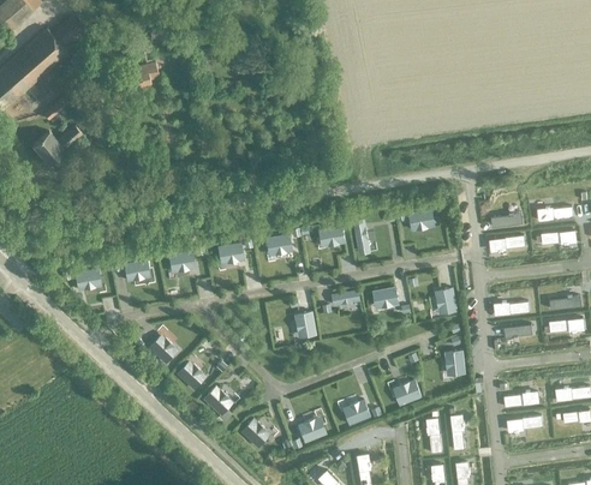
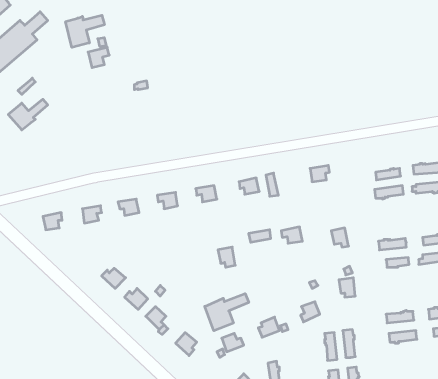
building: none -> [66,15,104,47]
building: none -> [205,294,249,331]

